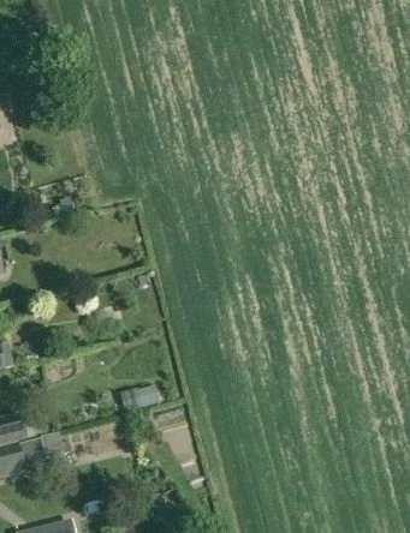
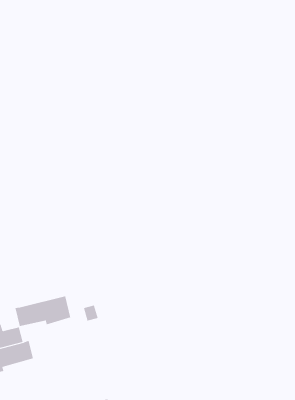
building: none -> [15,295,71,327]

